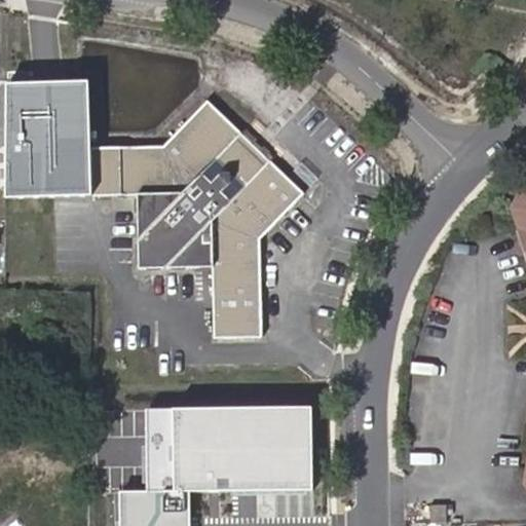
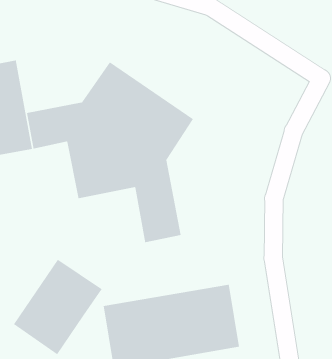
building: none -> [13,259,103,355]

